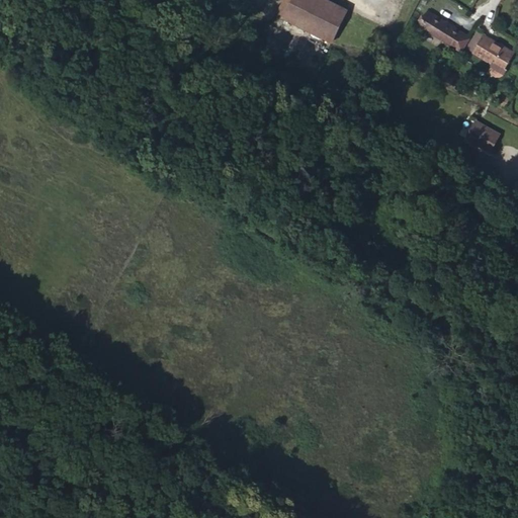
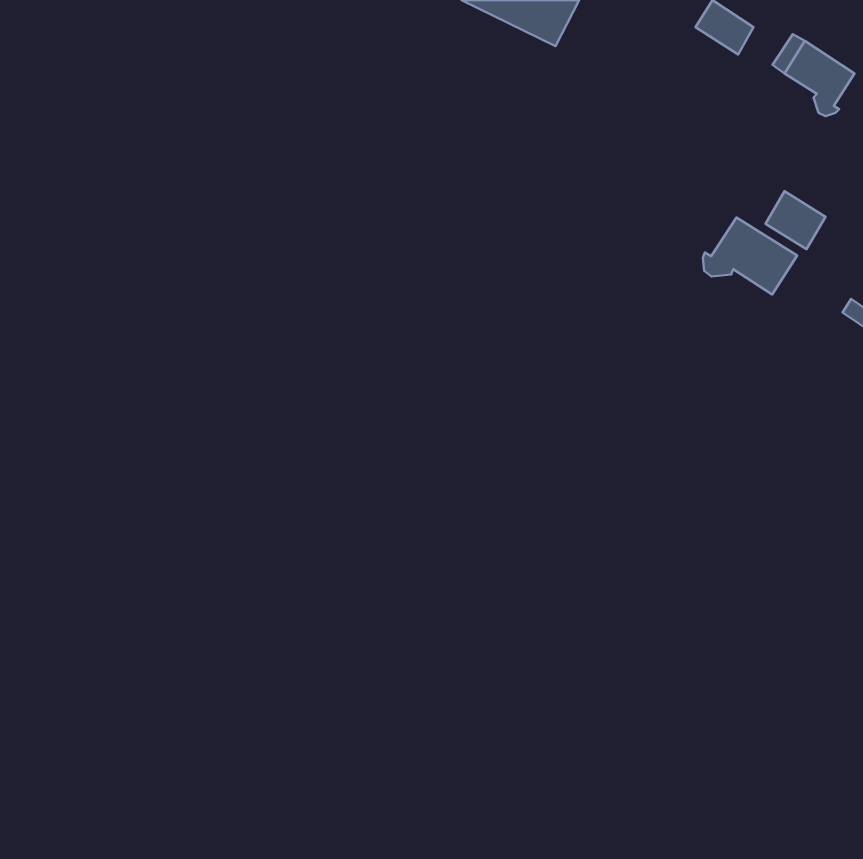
building: [443,24,469,51] -> none
building: none -> [703,218,797,294]

